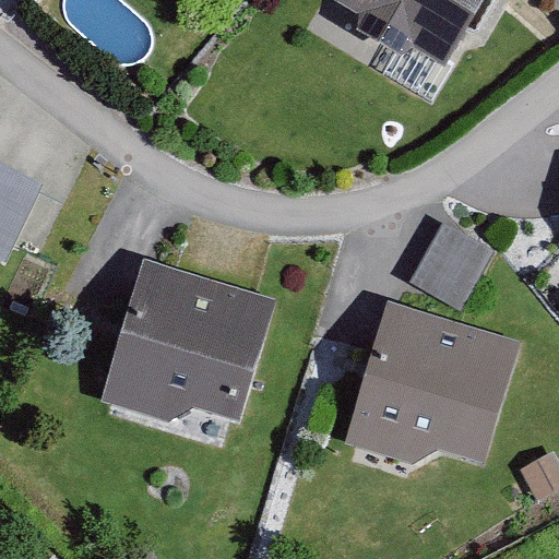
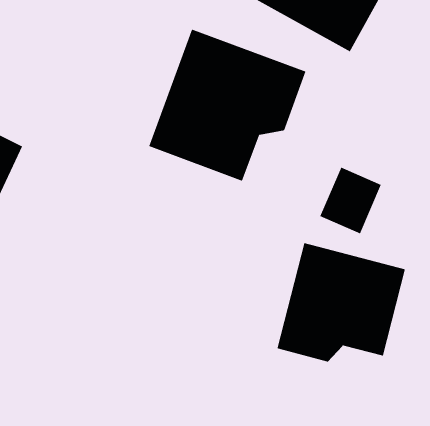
building: none -> [148,28,307,182]
building: [99,262,274,418] -> none

